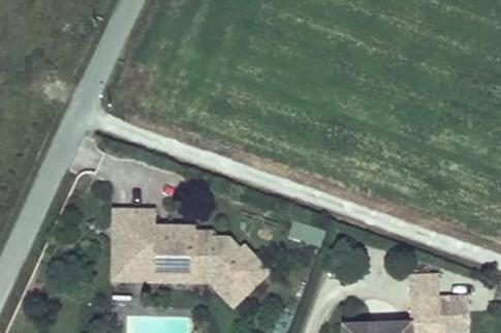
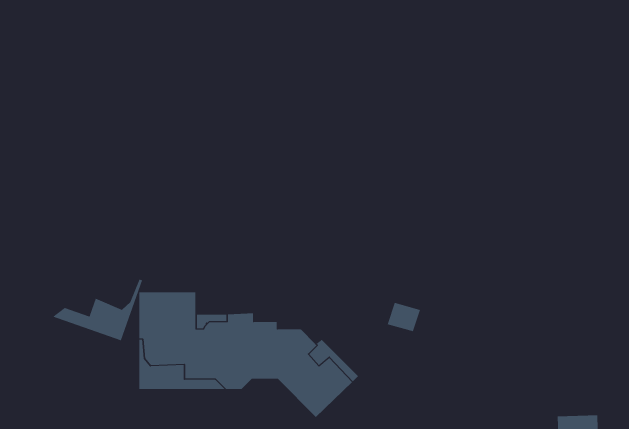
building: none -> [52,279,143,341]

